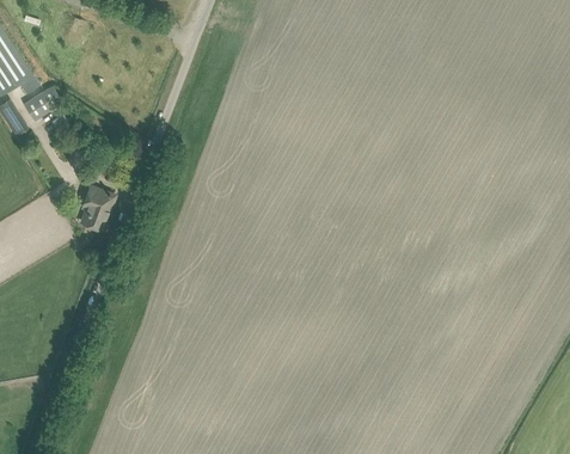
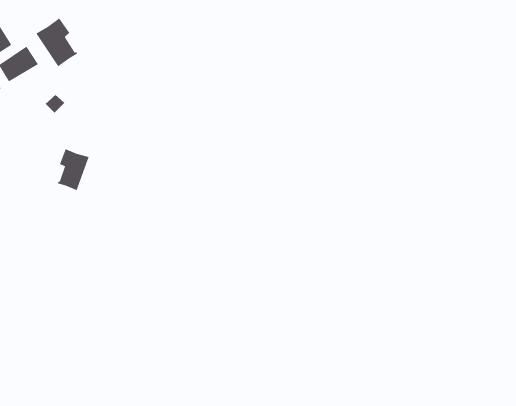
building: none -> [36,18,78,67]

